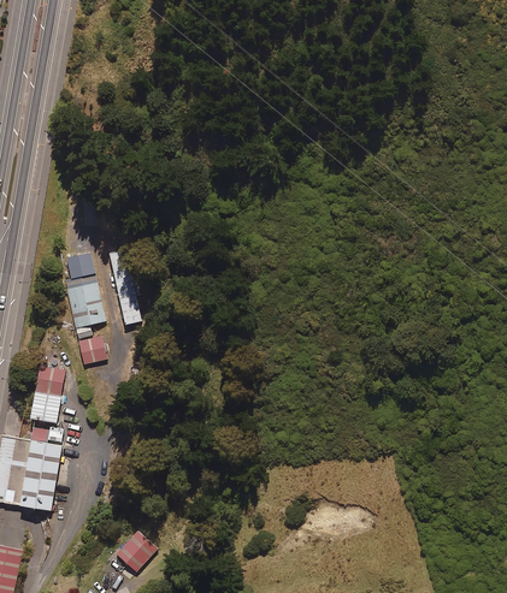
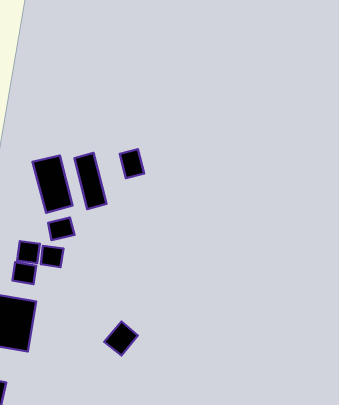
building: none -> [120,149,144,178]
building: none -> [41,246,64,267]
building: [116,526,160,570] -> [104,322,138,355]

